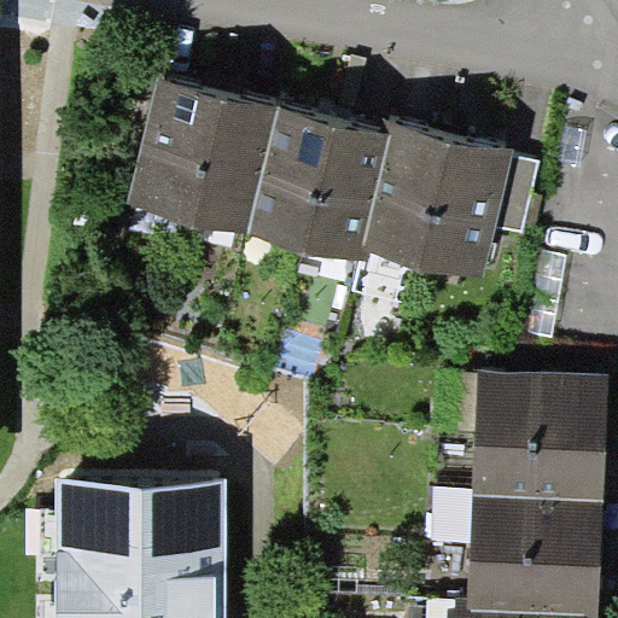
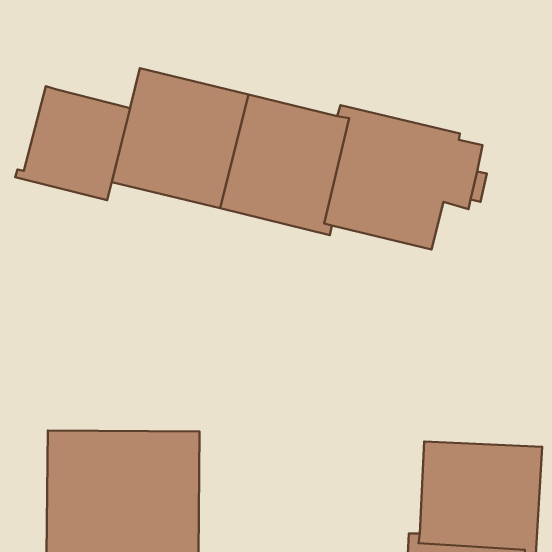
building: none -> [15,86,130,200]
building: [472,368,610,500] -> none

